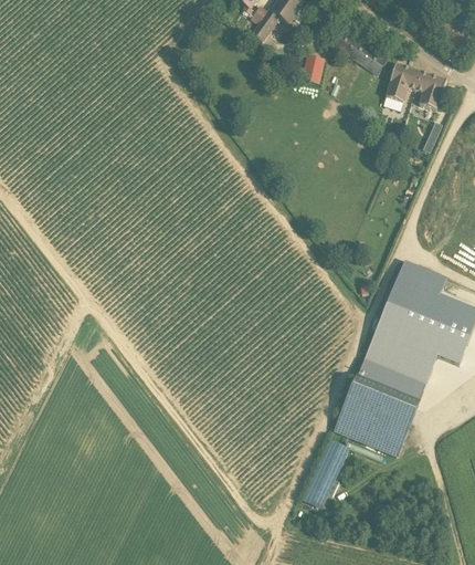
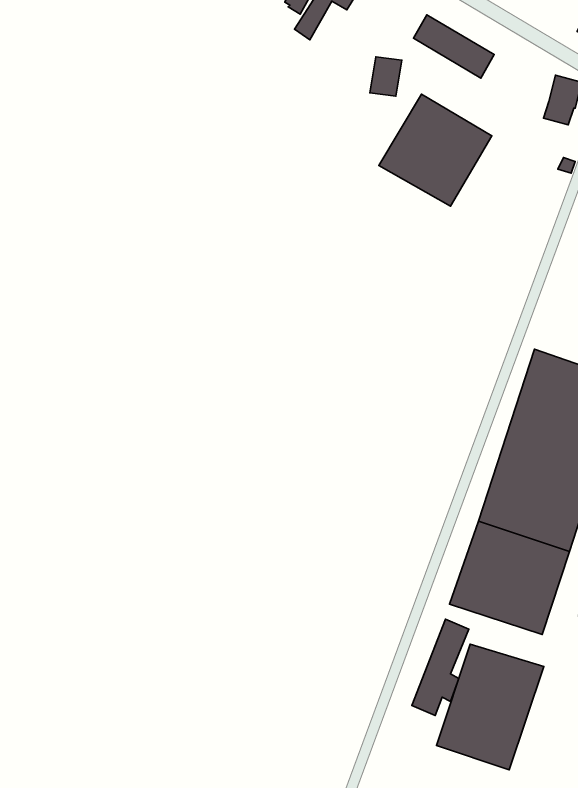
building: [386,63,429,102] -> none
building: none -> [379,94,492,206]
building: none -> [436,644,544,770]

